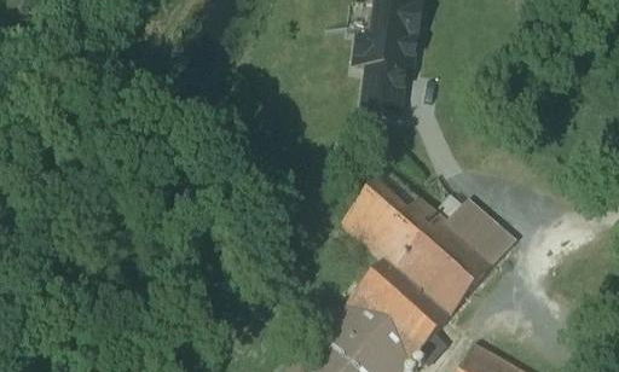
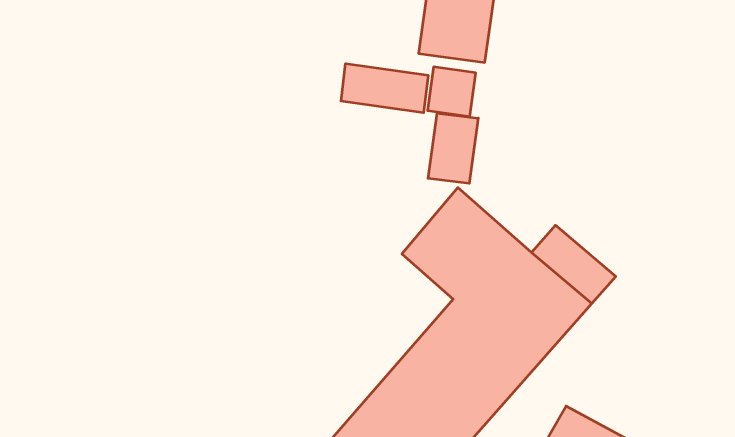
building: none -> [341,64,428,113]
building: none -> [428,113,478,183]

